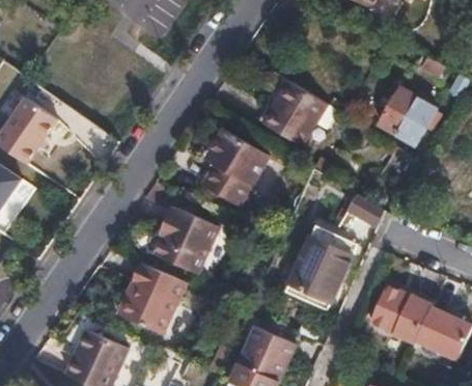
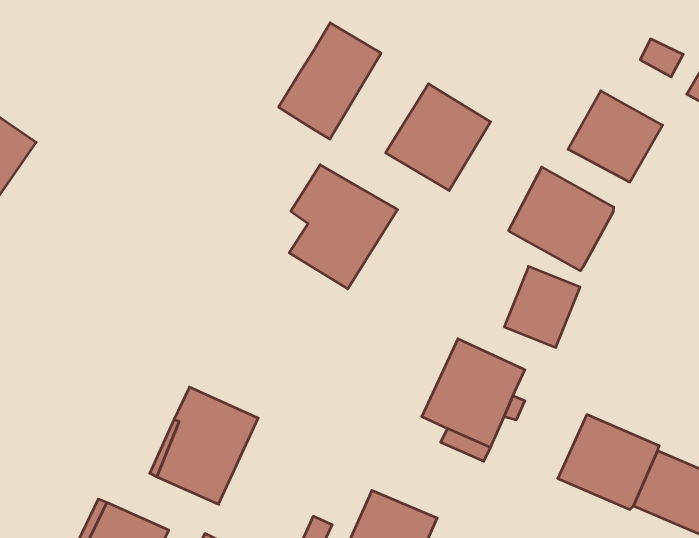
building: none -> [279,23,381,139]
building: none -> [509,167,614,271]
building: [159,211,219,275] -> none

